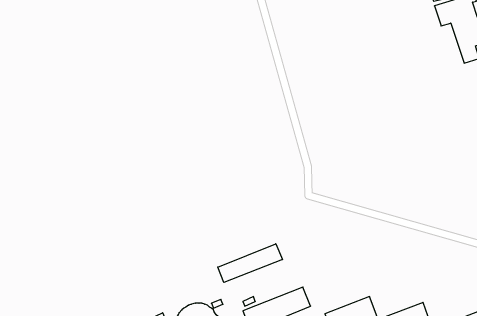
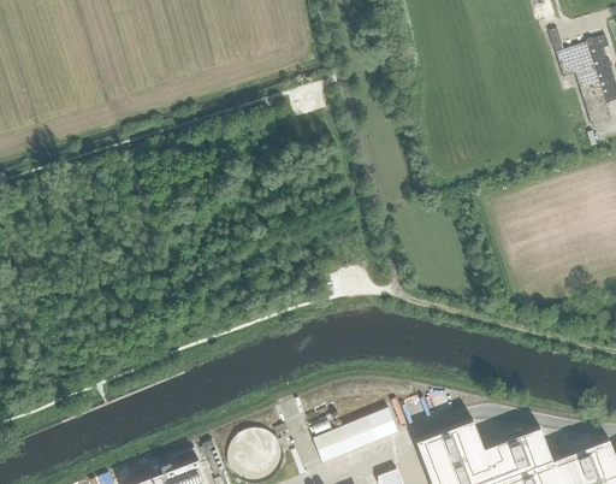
building: [218,244,282,282] -> none

